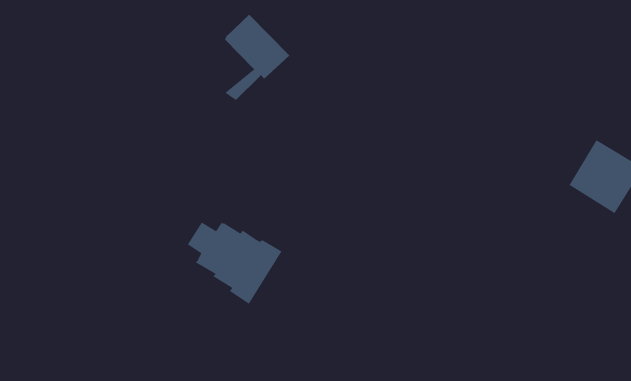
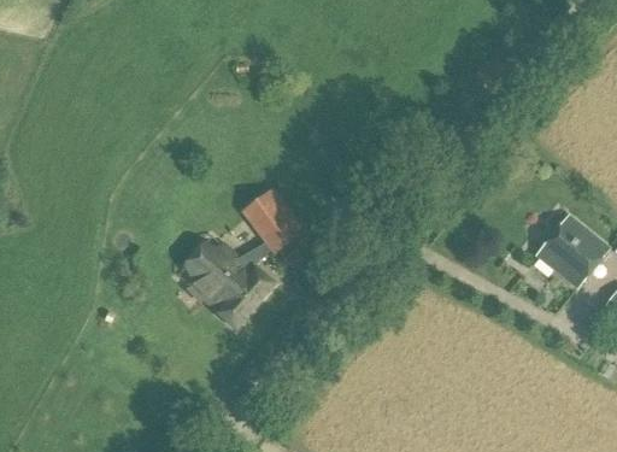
building: [224,14,290,101] -> [236,189,300,266]

